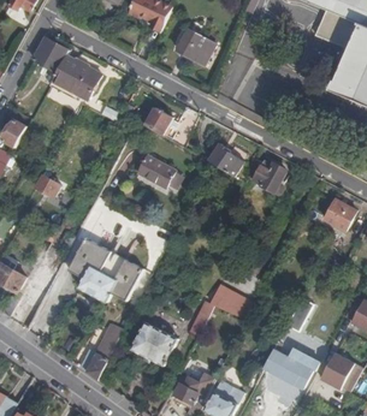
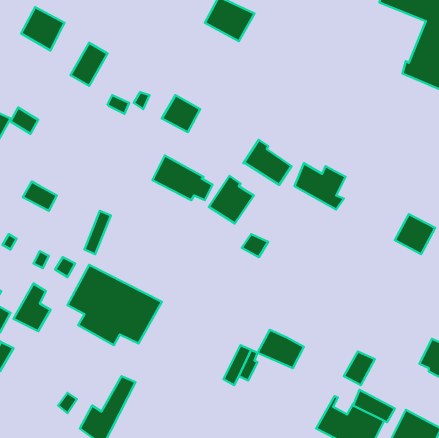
building: [51,55,85,91] -> none
building: none -> [209,176,254,223]
building: [131,321,176,363] -> none

